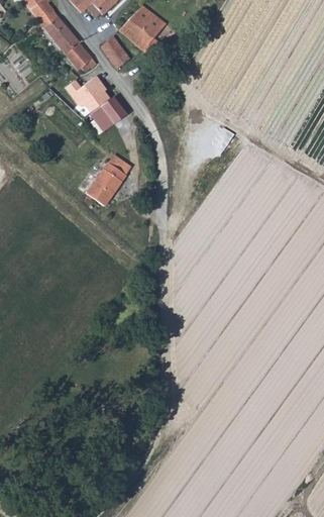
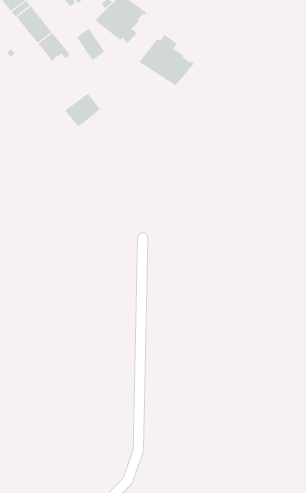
building: none -> [138,34,195,86]
building: [67,74,112,114] -> none
building: [88,162,127,205] -> none

